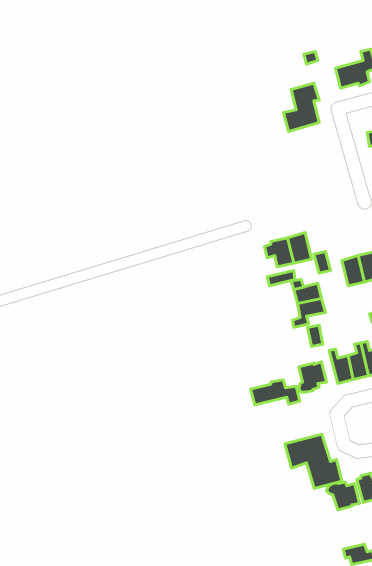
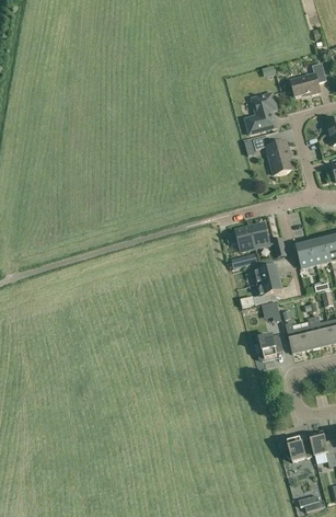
building: none -> [254,135,294,173]
building: [250,380,300,405] -> none
building: [285,434,342,489] -> none

